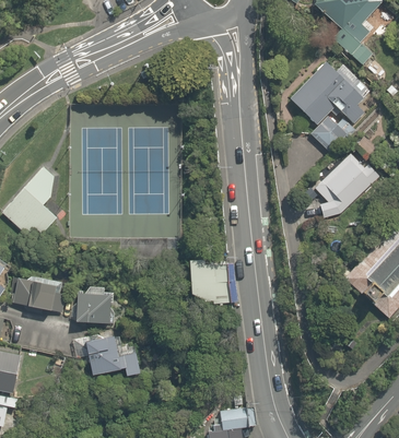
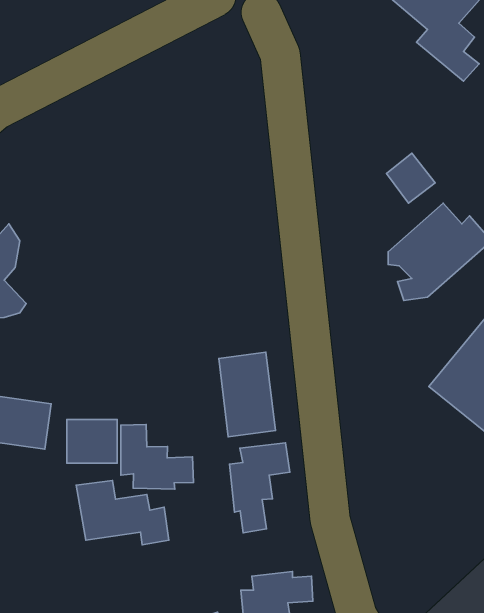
building: [284,58,368,125] -> none
building: none -> [121,424,193,489]
building: none -> [229,443,290,533]

